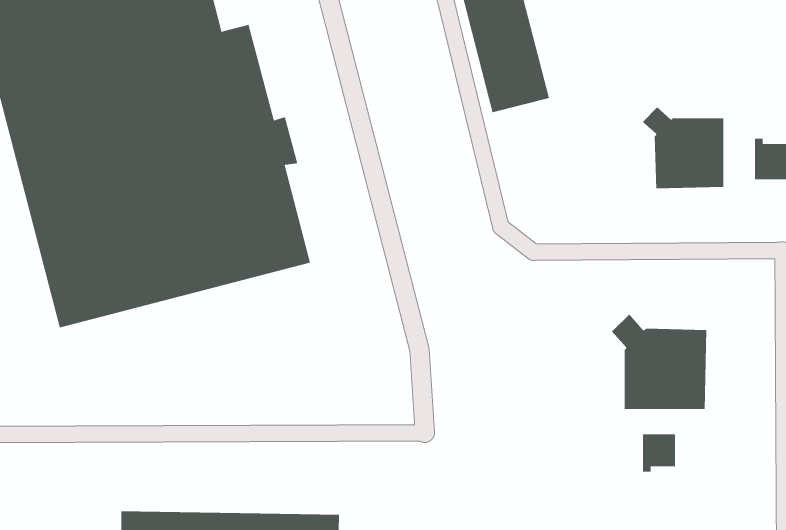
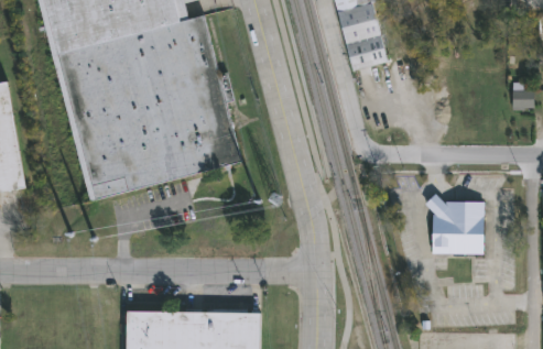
building: [642,107,724,189] -> none
building: [642,433,675,472] -> none

